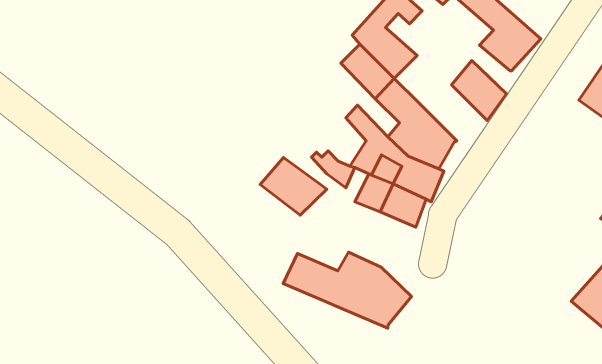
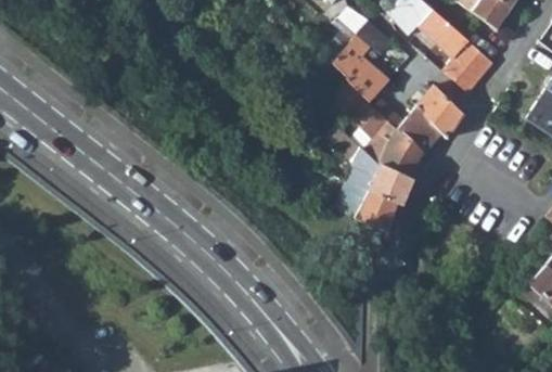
building: none -> [398,104,442,155]
building: [260,157,327,215] -> none
building: [283,252,412,328] -> none

